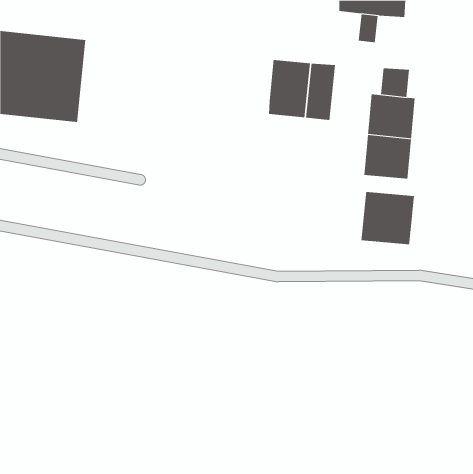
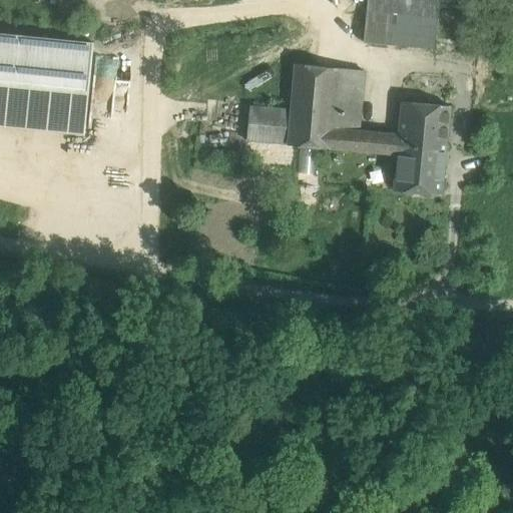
building: none -> [363,12,390,44]
building: [380,68,410,97] -> [406,17,438,49]
building: none -> [246,105,398,154]
building: [361,191,415,245] -> none

